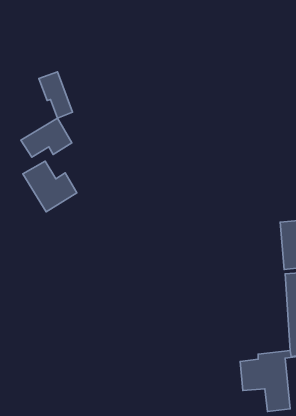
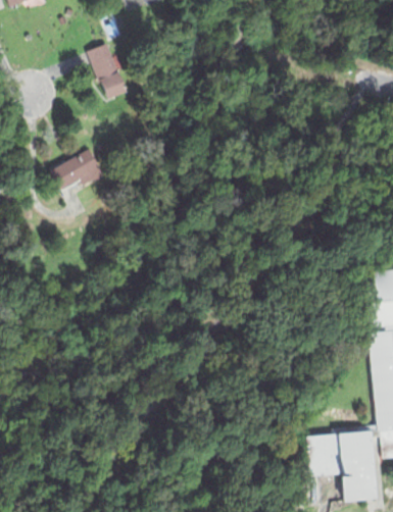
building: [39,72,73,118] -> [88,45,129,101]
building: [23,161,77,212] -> none

